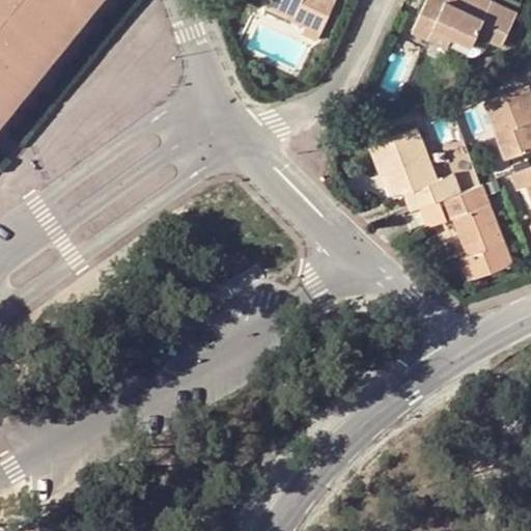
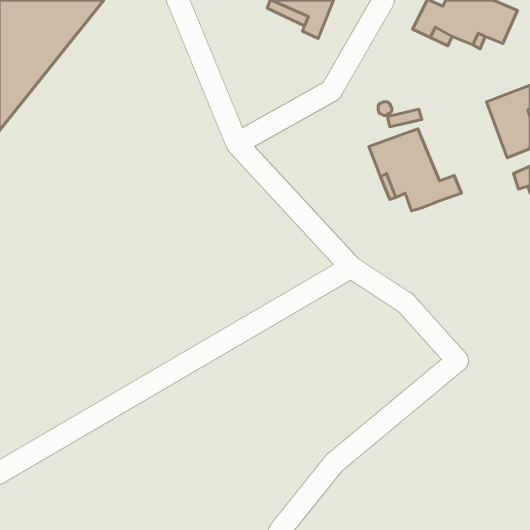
building: [421,185,512,280] -> none

